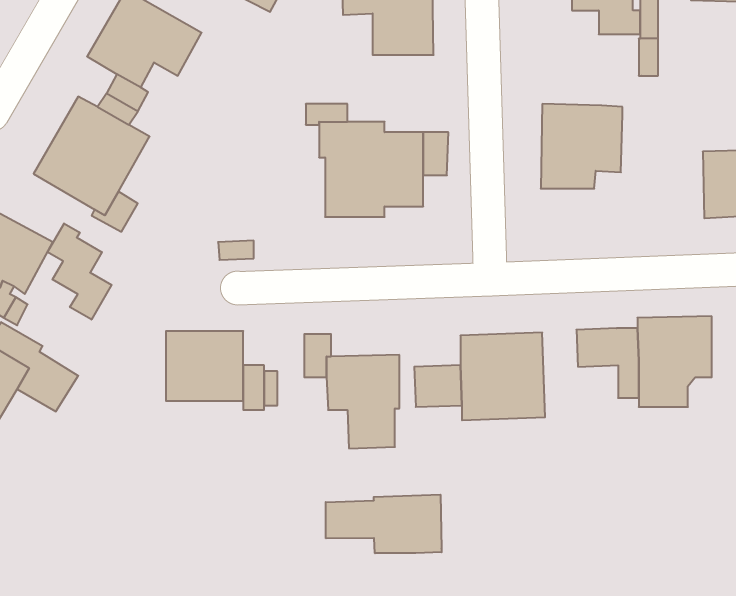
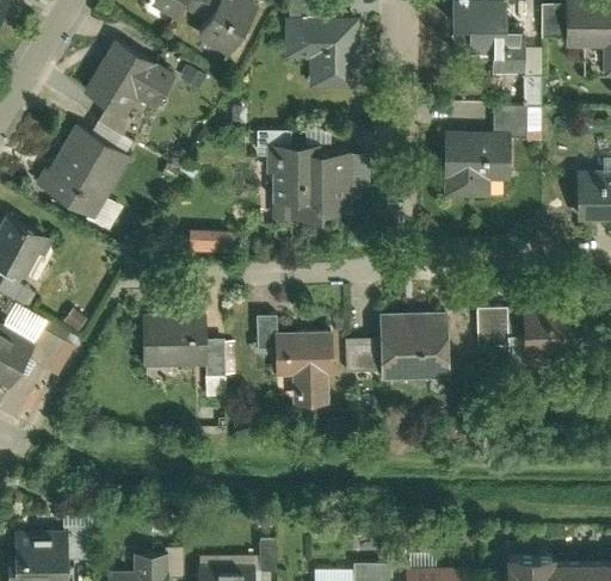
building: none -> [494,107,529,138]
building: [48,223,112,320] -> none
building: [326,495,442,553] -> none

